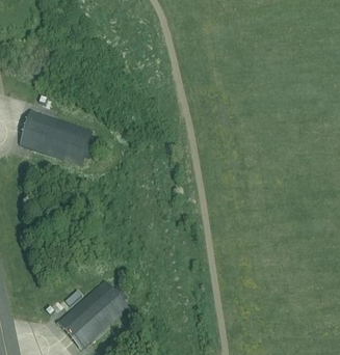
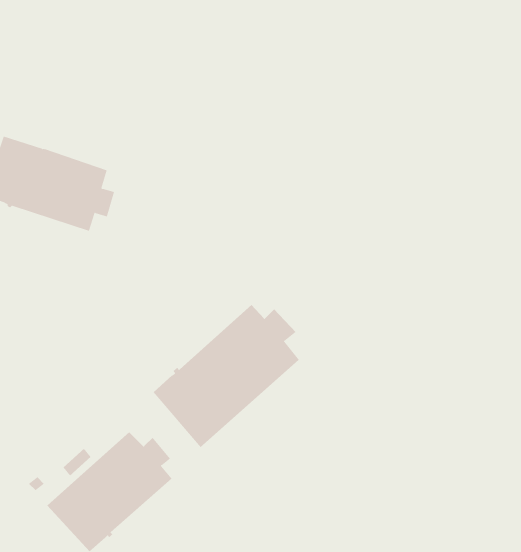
building: none -> [153,304,299,448]

